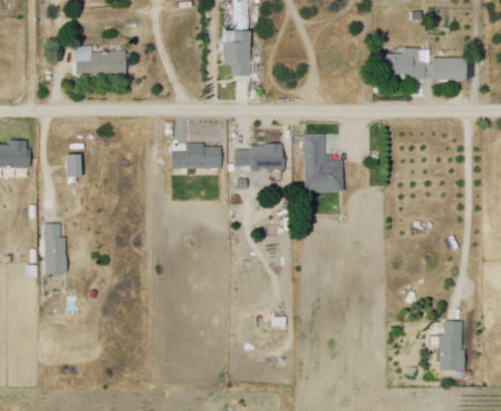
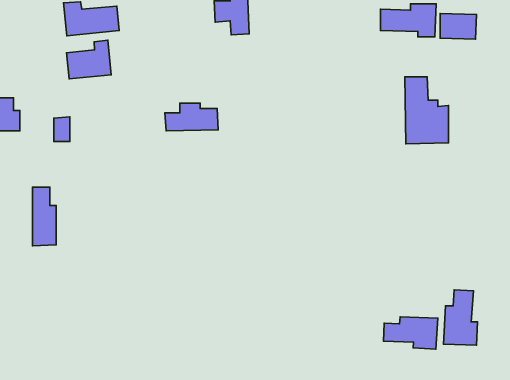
building: none -> [67,40,111,79]
building: [302,134,343,197] -> [405,77,448,144]
building: [234,141,285,172] -> none
building: none -> [383,317,438,349]

